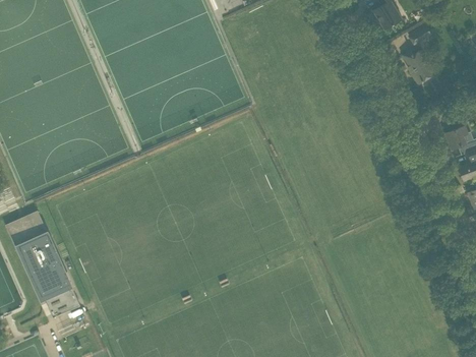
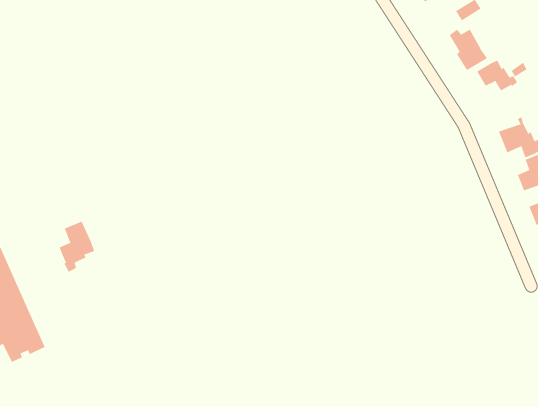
building: none -> [477,60,518,91]
building: none -> [59,221,95,272]

